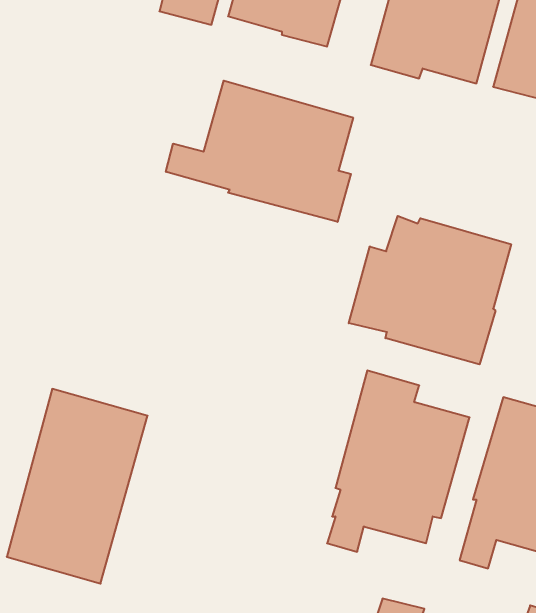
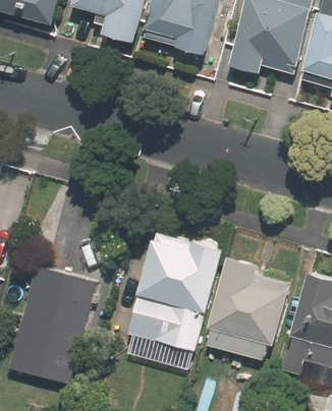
building: [166,81,353,222] -> none
building: [349,216,511,364] -> none
building: none -> [126,230,221,349]

